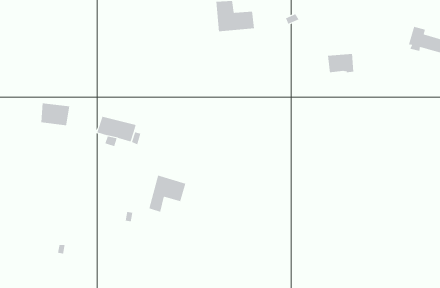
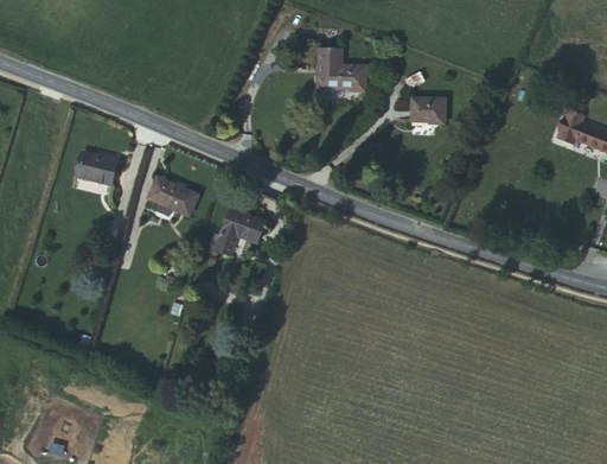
building: [327,53,354,73] -> [411,97,445,122]
building: [148,175,186,212] -> [213,205,266,254]

